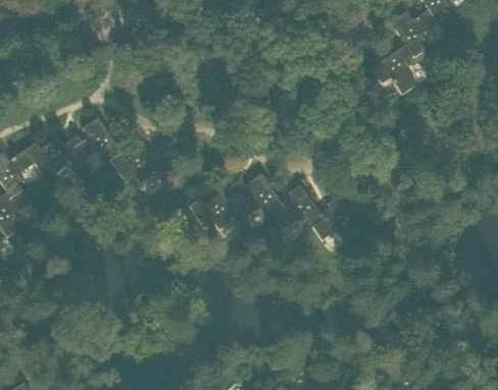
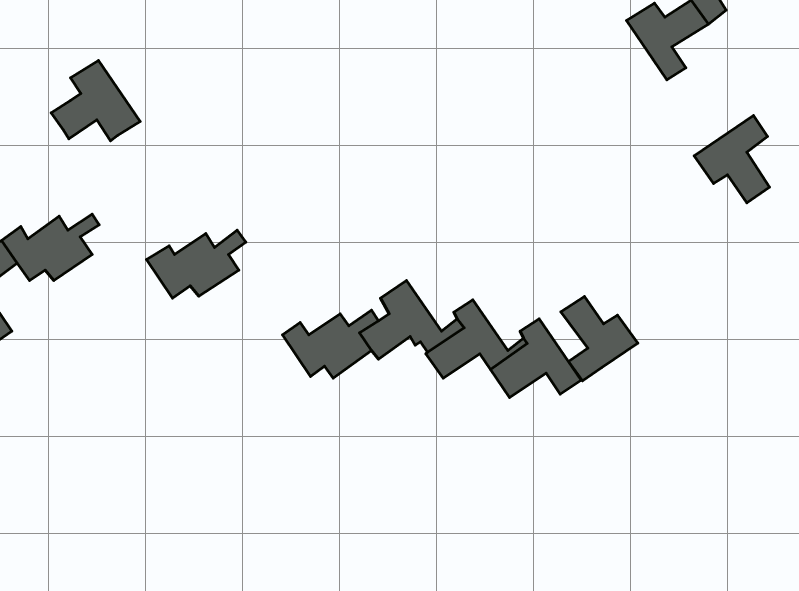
building: [370,44,414,95] -> [694,116,769,203]
building: [70,117,122,164] -> [51,60,140,141]
building: none -> [561,297,638,381]

